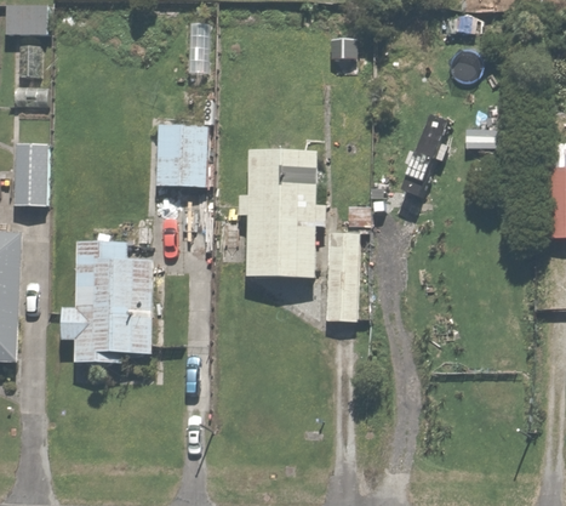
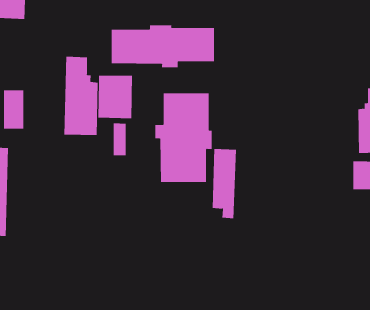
building: none -> [111,25,214,68]
building: none -> [64,56,98,136]
building: [58,239,154,366] -> none

